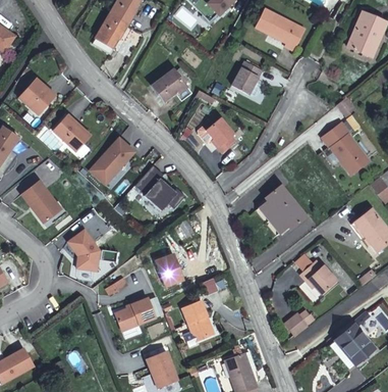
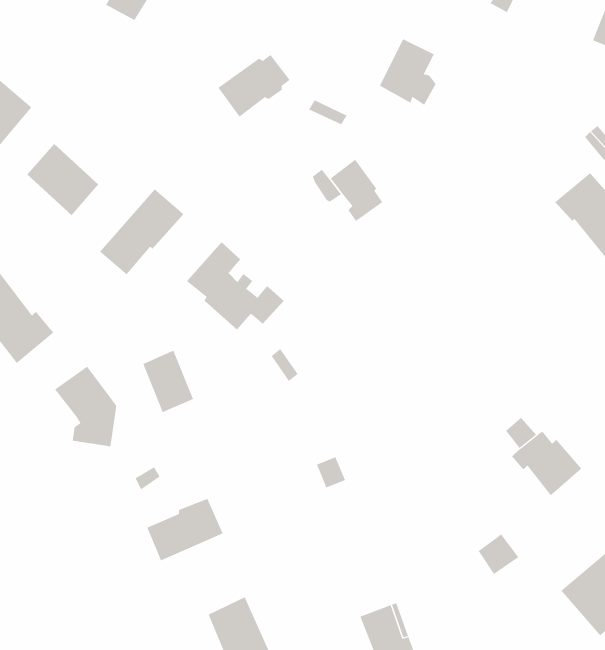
building: [255,181,306,233] -> none
building: [156,253,182,286] -> [142,350,194,413]
building: [181,298,212,344] -> none

